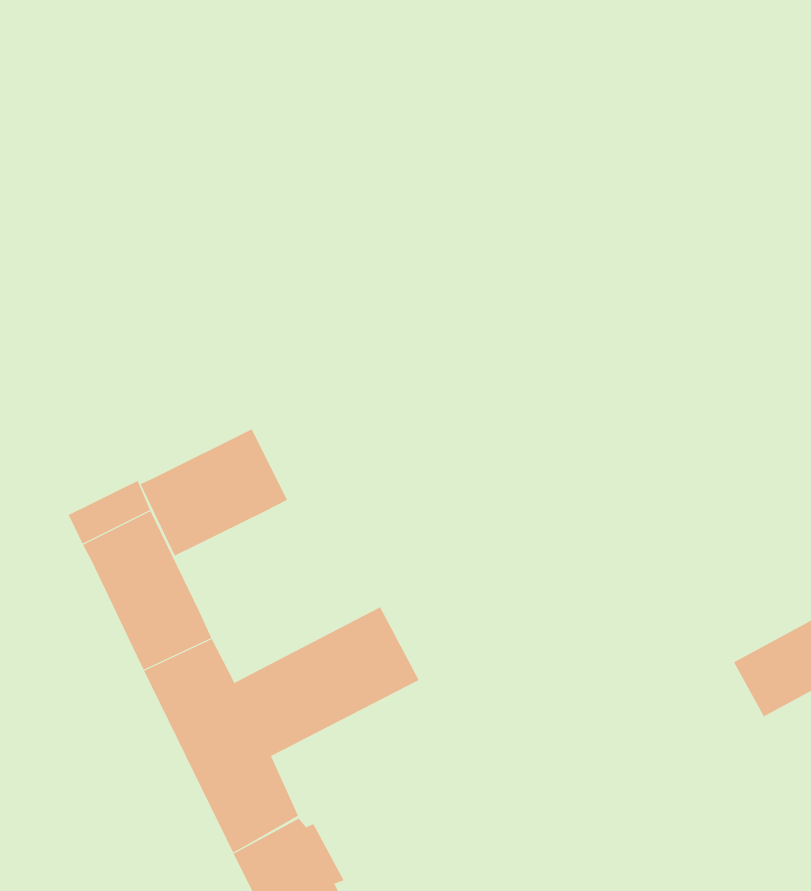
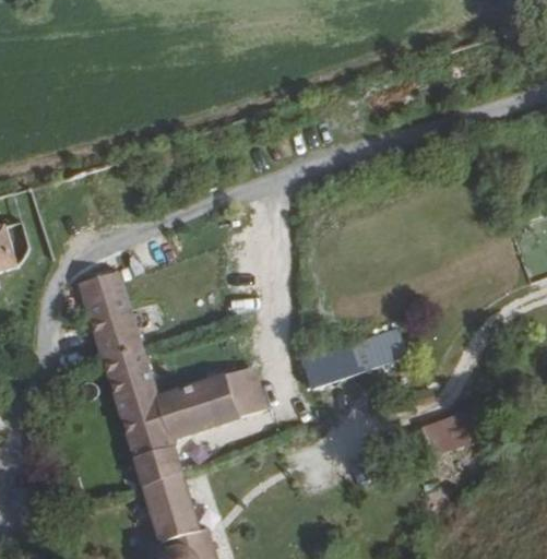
building: [140,429,288,557] -> none
building: none -> [312,328,415,385]

